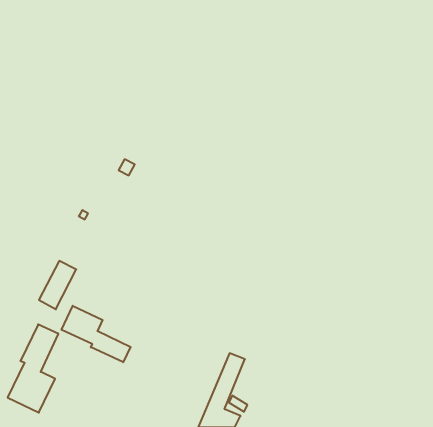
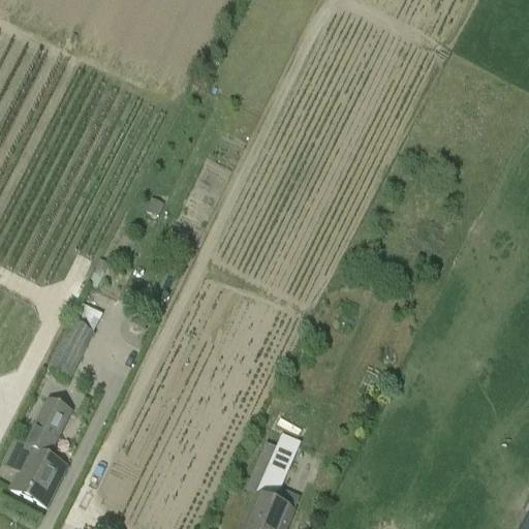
building: [62,306,131,362] -> none

